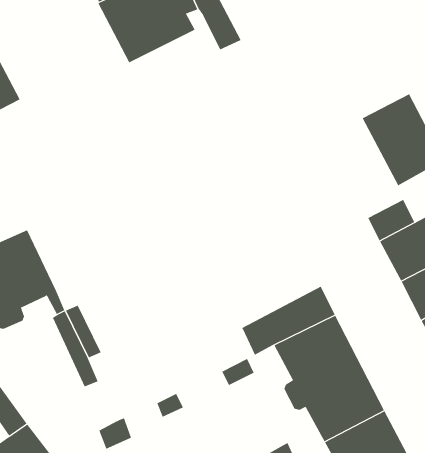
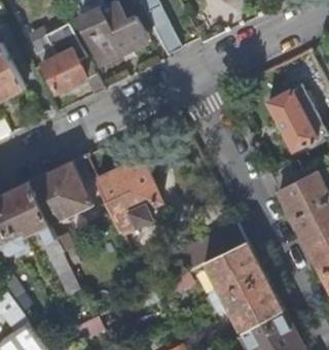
building: none -> [41,24,104,95]
building: none -> [98,161,160,232]
building: none -> [30,162,93,225]

